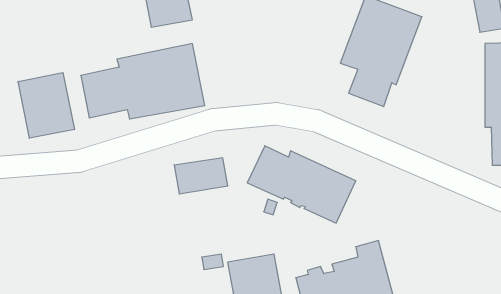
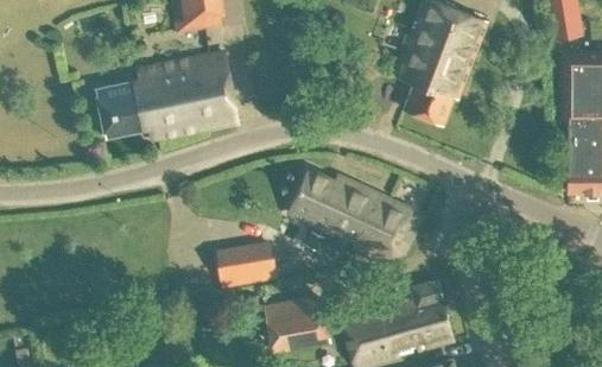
building: [18,73,74,138] -> none
building: [174,158,228,194] -> [216,245,278,286]

